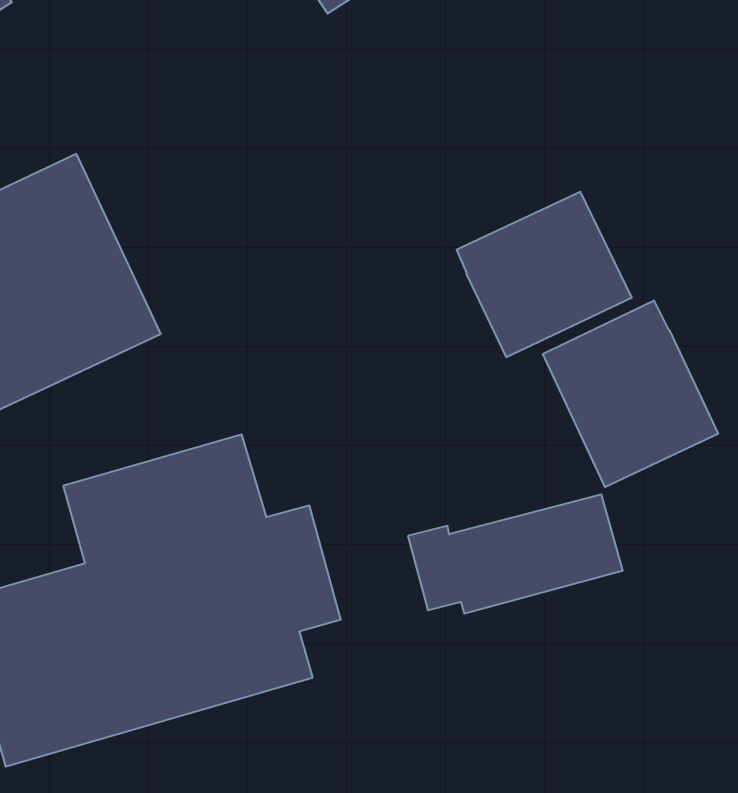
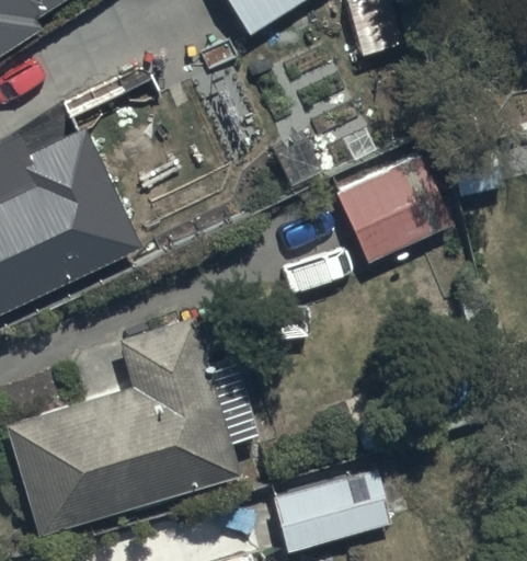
building: [543,300,718,487] -> none
building: [408,495,623,613] -> [251,470,393,549]

